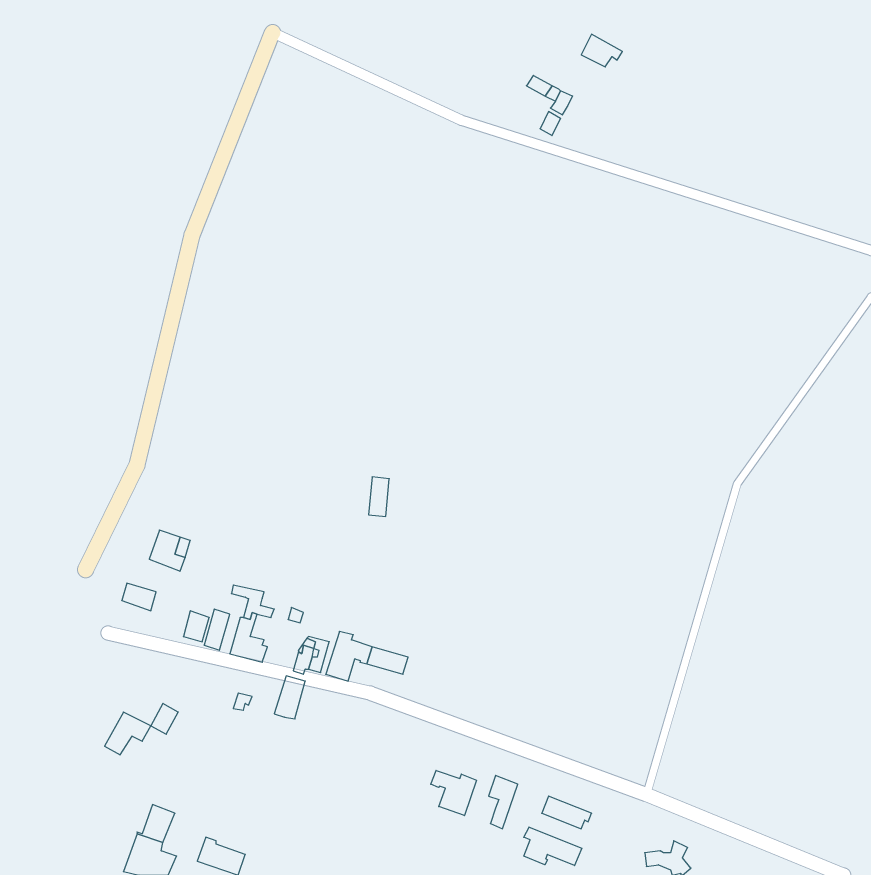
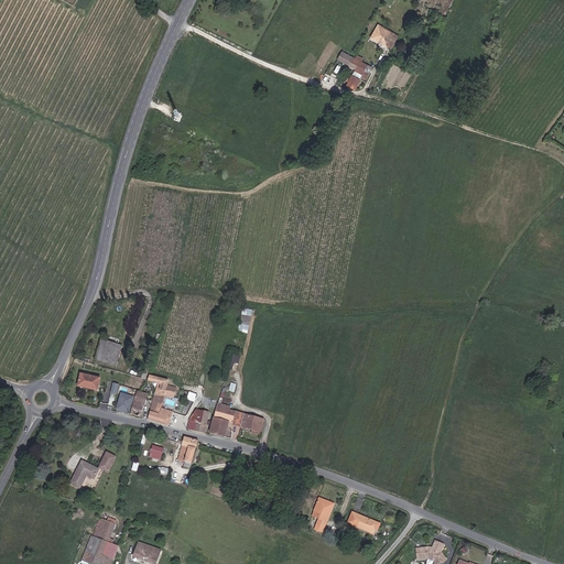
building: [431,770,477,816] -> none
building: [524,827,582,866] -> none

